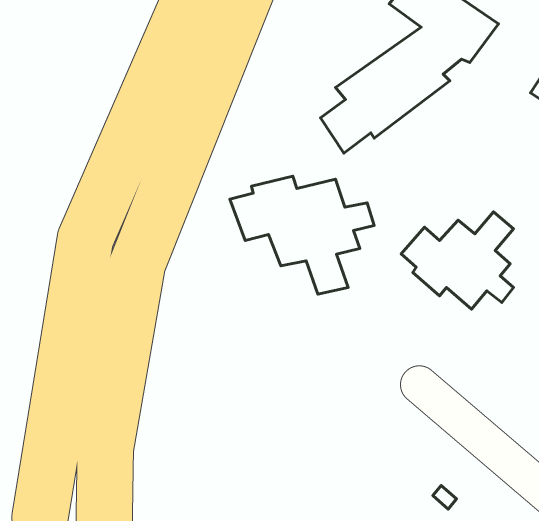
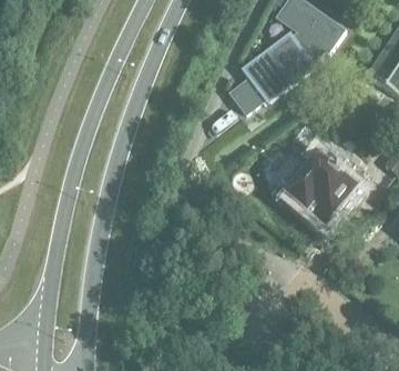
building: [230,176,374,294] -> none

